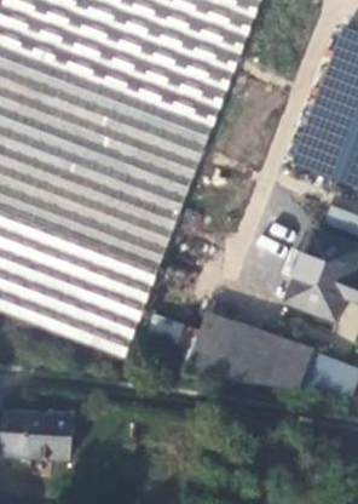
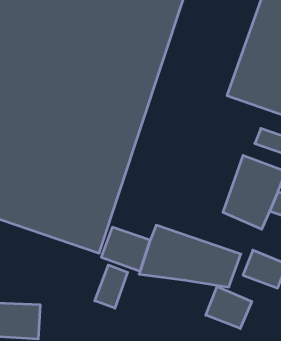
building: none -> [95,265,128,308]
building: none -> [206,287,252,329]

